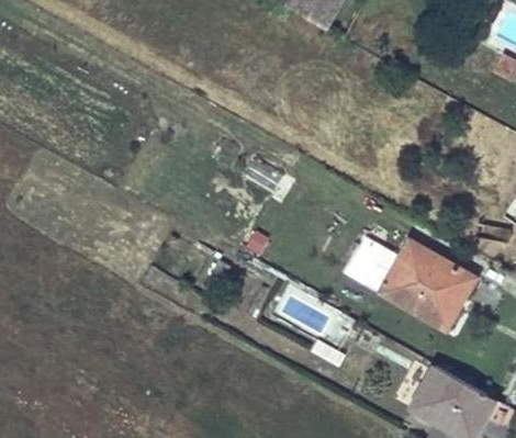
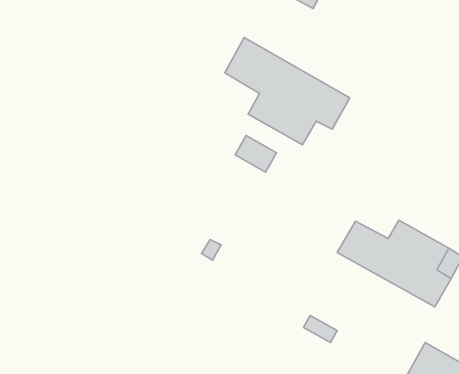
building: none -> [225,37,350,145]

